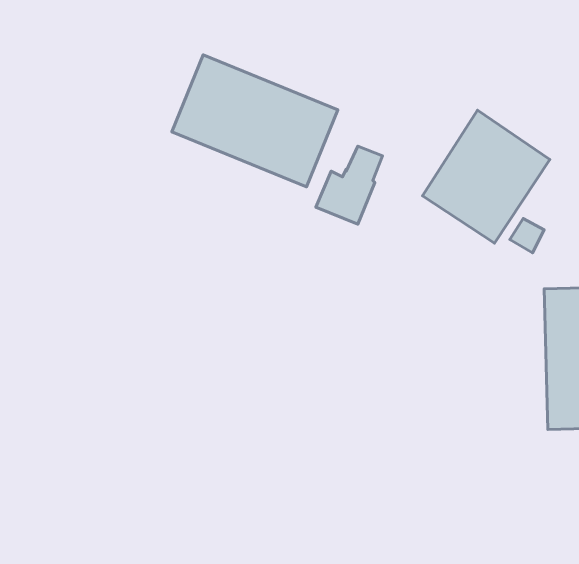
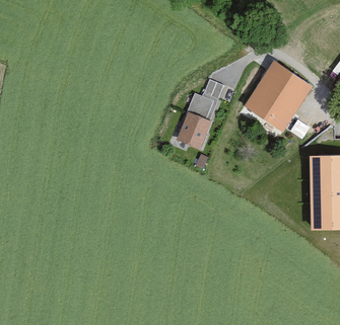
building: [172,55,338,187] -> none
building: none -> [177,111,213,149]

